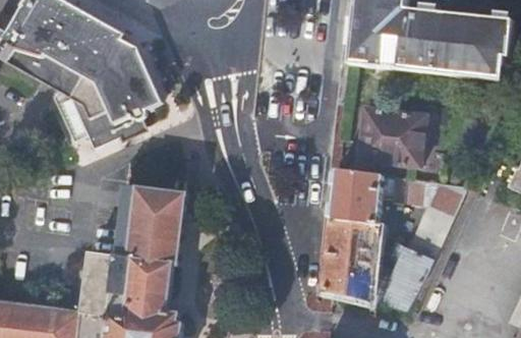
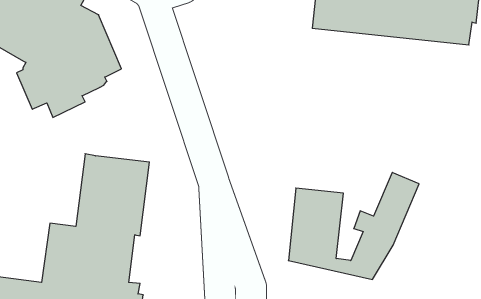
building: [359,109,426,168] -> none
building: [332,169,466,224] -> none

